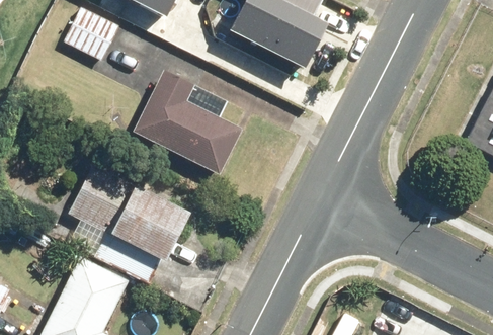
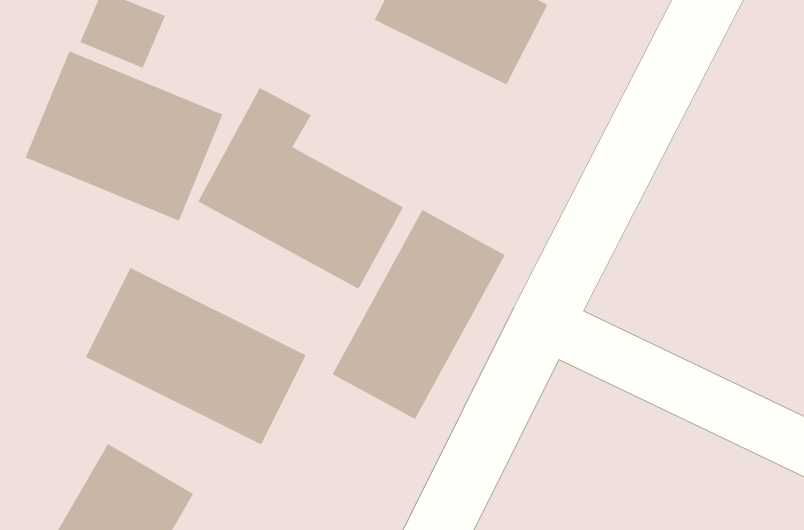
building: none -> [25,51,223,221]
building: none -> [332,209,505,420]

